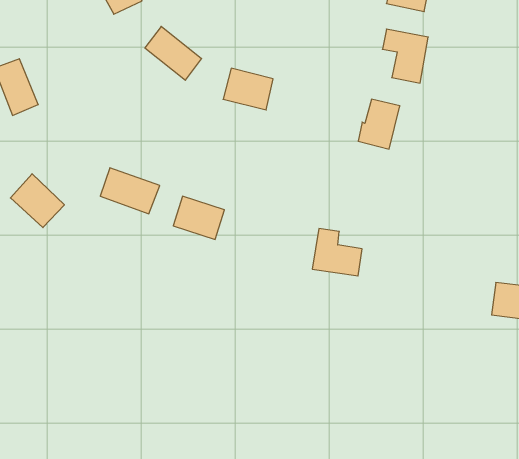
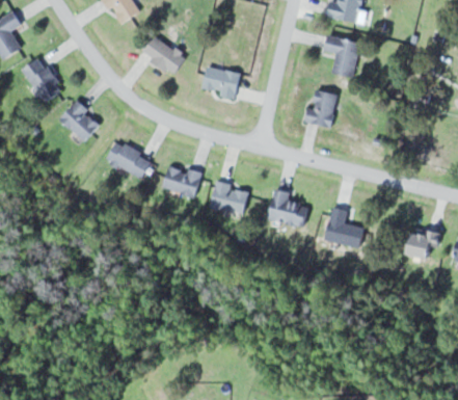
building: [10,174,64,228] -> [58,100,100,141]
building: none -> [212,183,249,213]
building: none -> [325,207,363,247]

